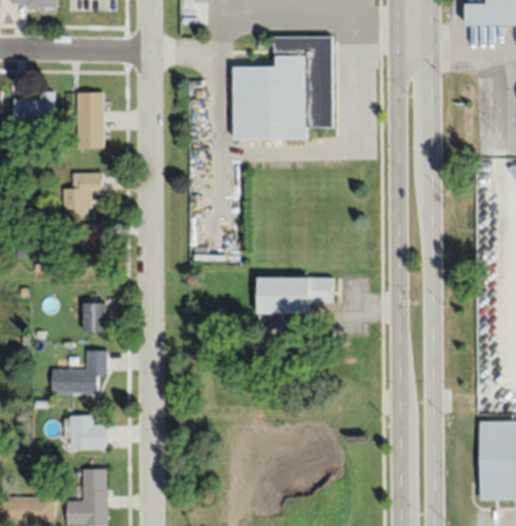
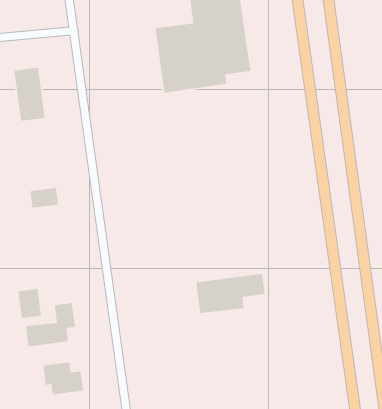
building: [63,173,102,218] -> none
building: [258,278,332,314] -> [195,273,265,314]
building: [83,302,106,333] -> [17,288,42,319]

